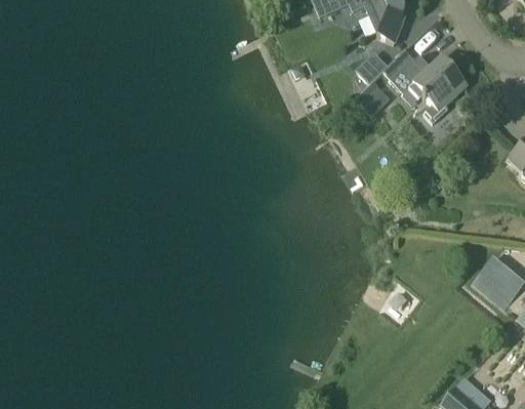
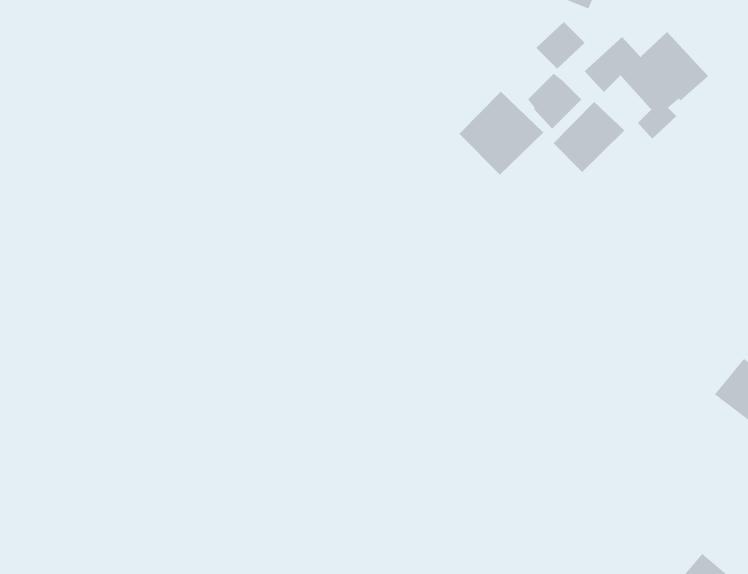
building: none -> [458,91,544,176]
building: none -> [553,101,625,173]

